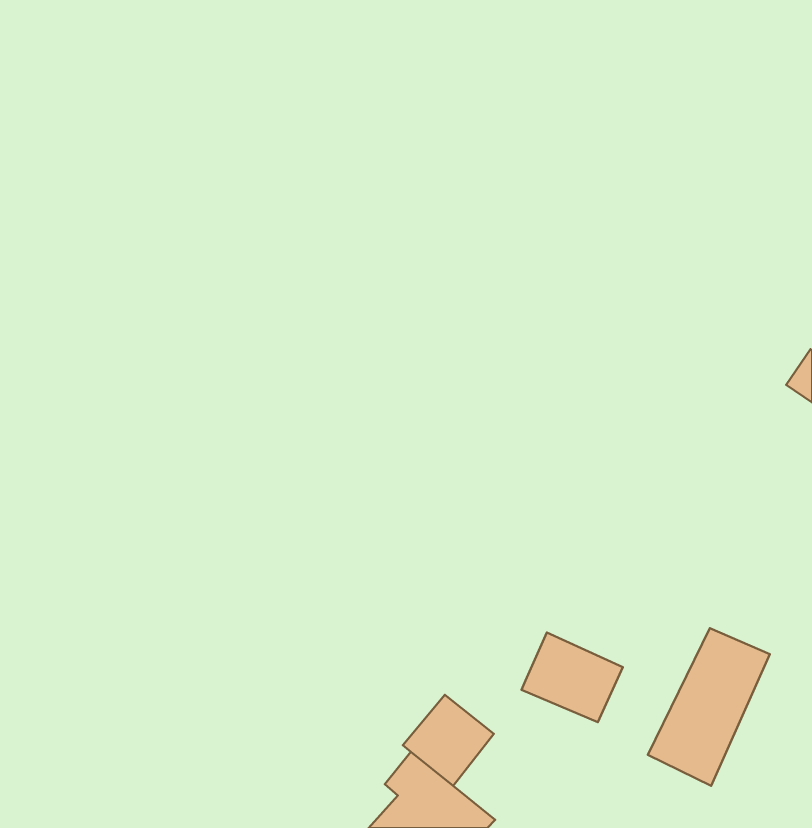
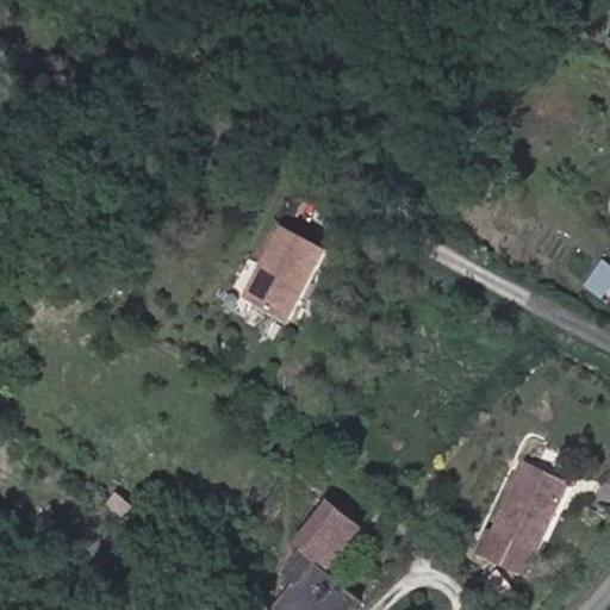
building: none -> [247,225,320,322]
building: [521,632,623,722] -> none

